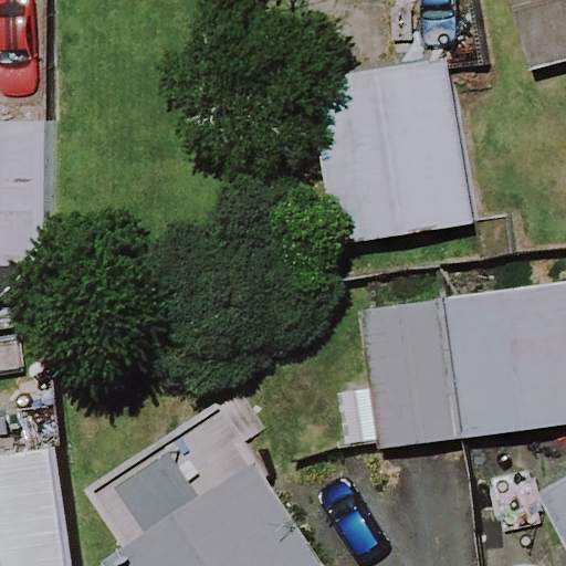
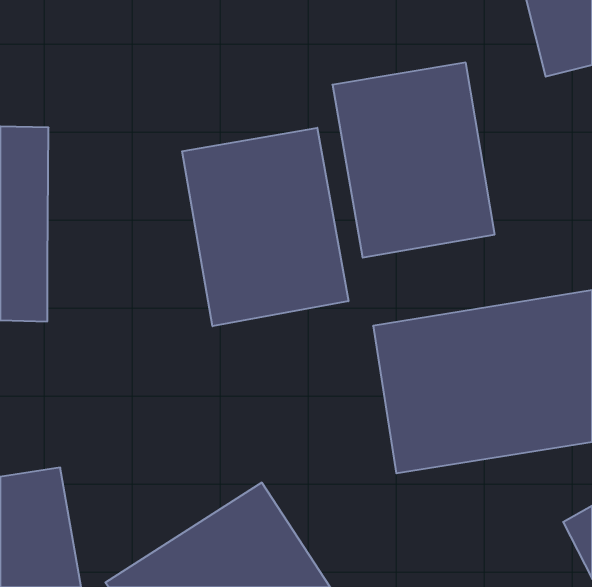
building: none -> [182,128,348,326]

